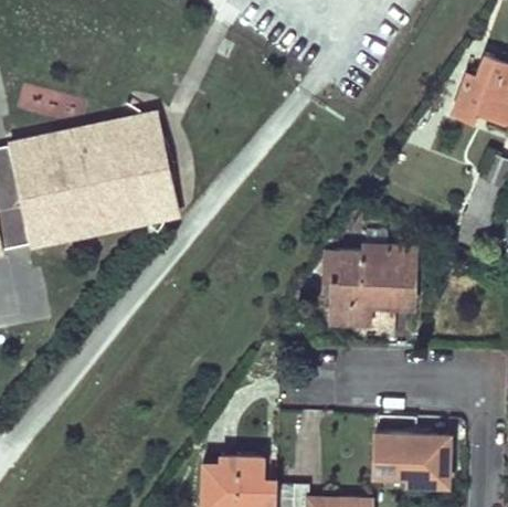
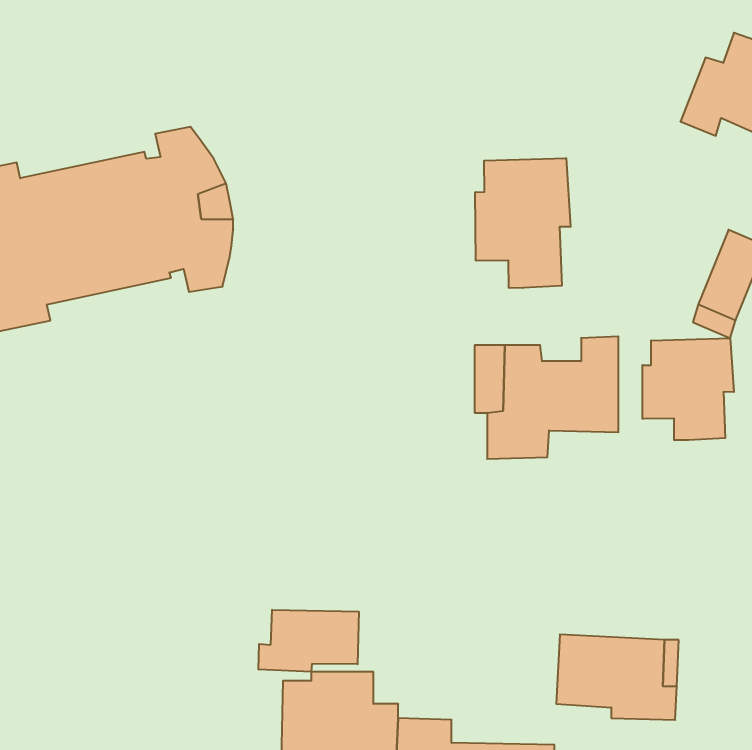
building: none -> [475,158,570,288]
building: none -> [642,338,734,440]
building: none -> [259,610,359,672]

